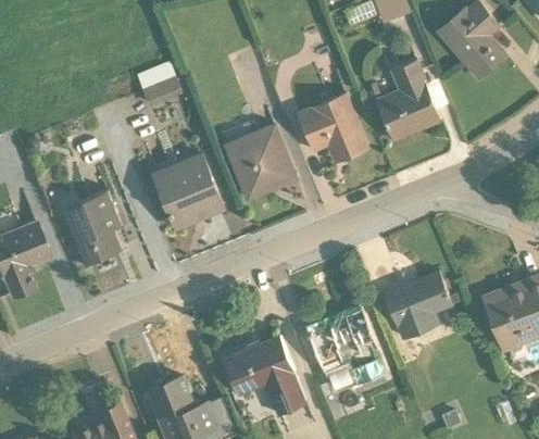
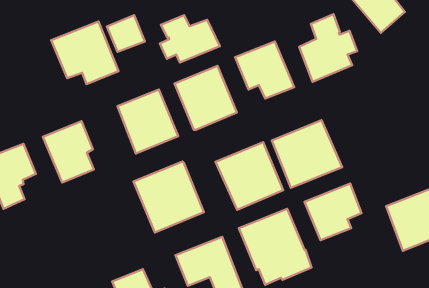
building: none -> [160,15,220,63]
building: none -> [51,21,118,84]
building: none -> [272,120,342,188]
building: none -> [216,142,283,210]
building: none -> [133,161,204,232]

